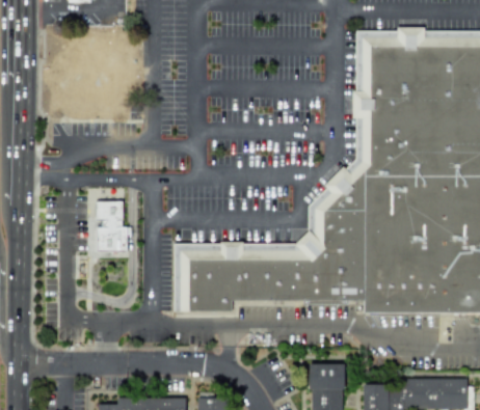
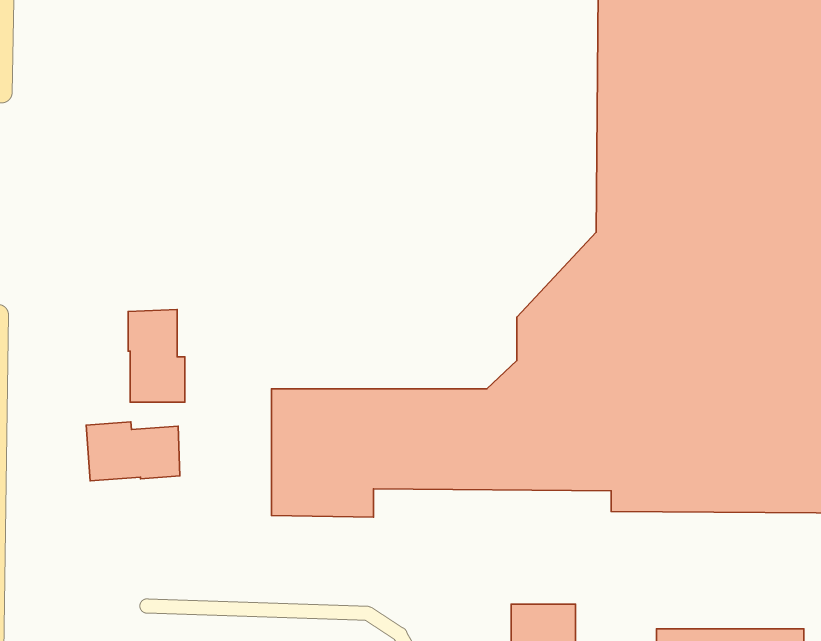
building: none -> [86,422,180,481]

